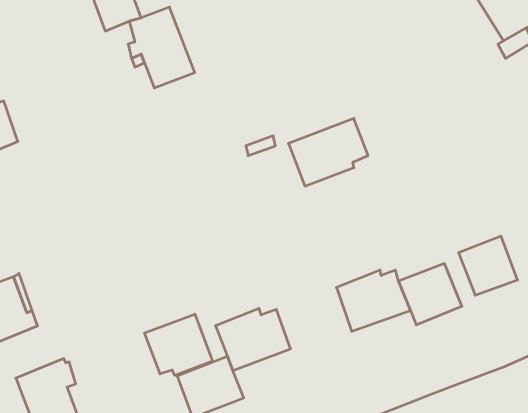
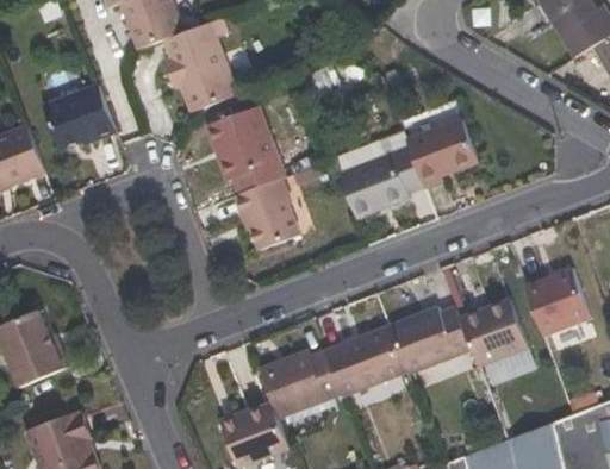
building: none -> [41,81,116,145]
building: none -> [207,102,278,179]
building: none -> [406,114,480,183]
building: none -> [236,176,298,249]
building: none -> [325,327,406,395]
building: [145,314,212,375] -> none

